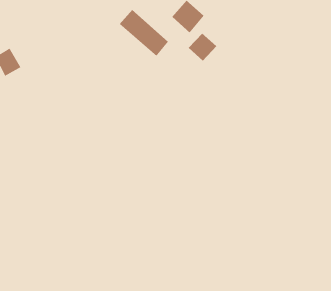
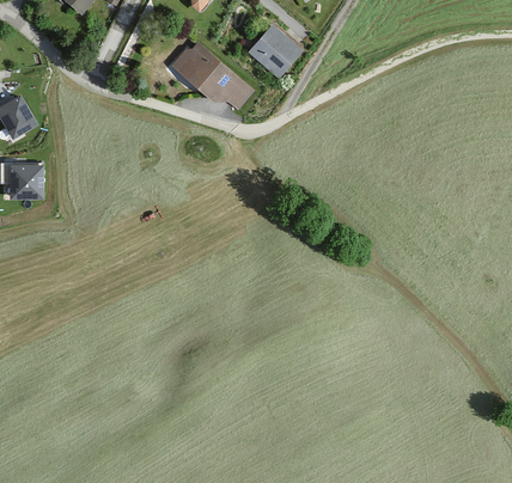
building: [188,33,217,61] -> none
building: none -> [10,165,41,198]

